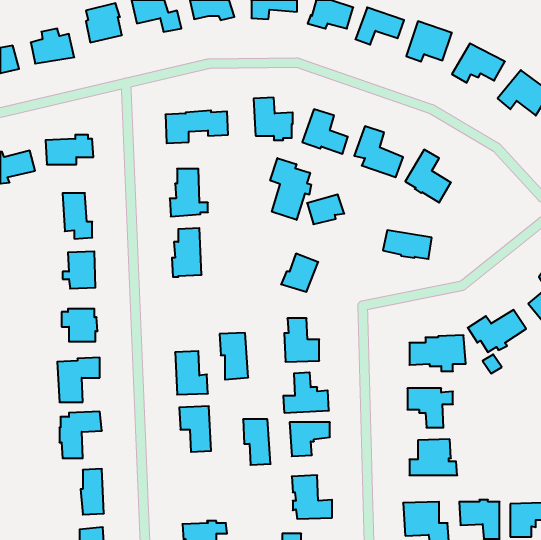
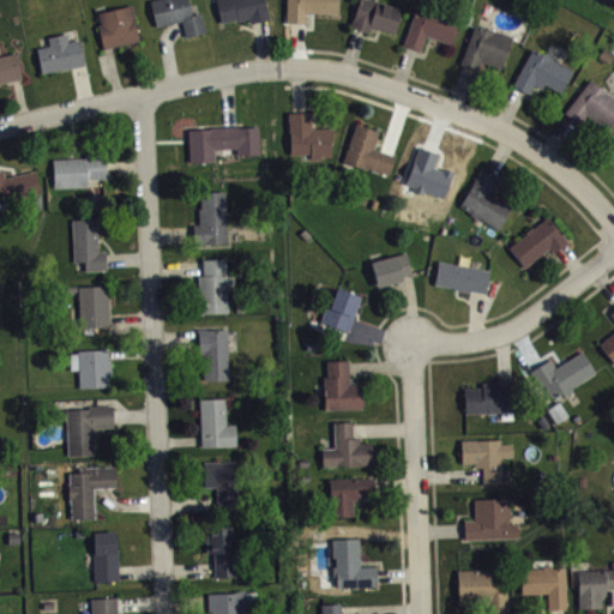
building: [270,158,311,220] -> none
building: none -> [508,218,570,269]
building: [307,195,344,224] -> [371,254,413,288]
building: [220,333,248,380] -> [198,330,230,383]
building: [243,419,271,465] -> [206,528,237,579]

